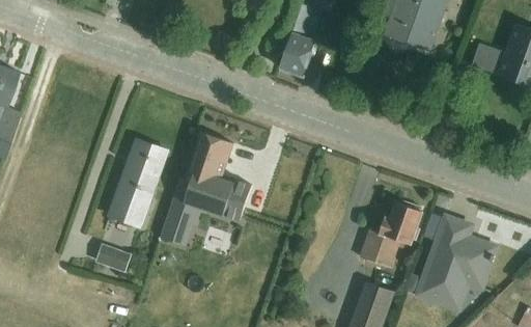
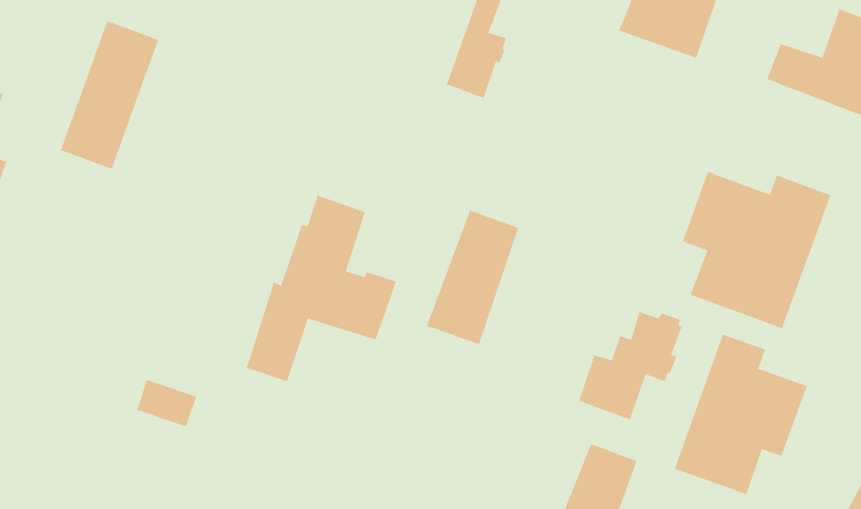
building: none -> [682,171,832,329]
building: [108,139,167,228] -> [60,20,159,170]
building: none -> [426,210,519,345]

